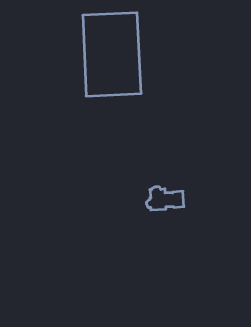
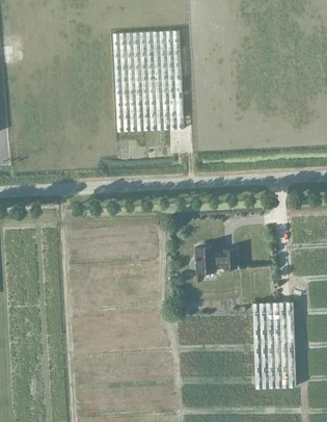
building: none -> [252,300,295,387]

